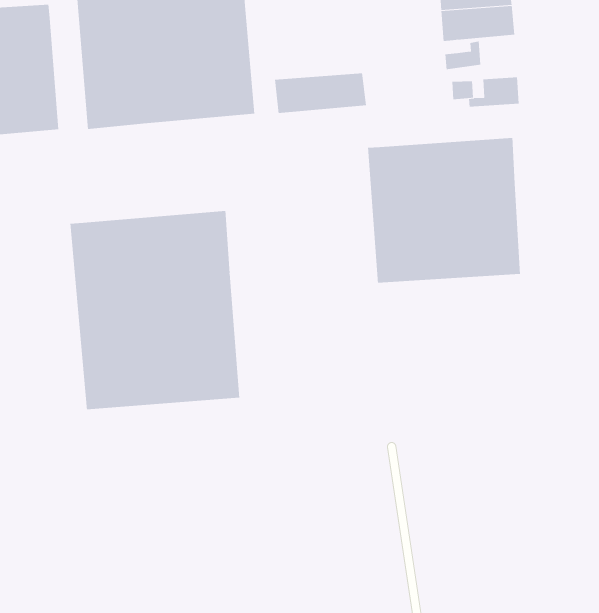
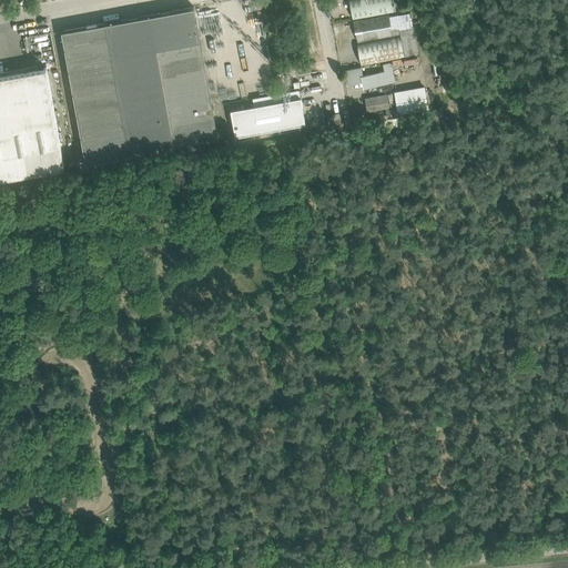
building: [367,137,521,284] -> none
building: [70,210,240,410] -> none

